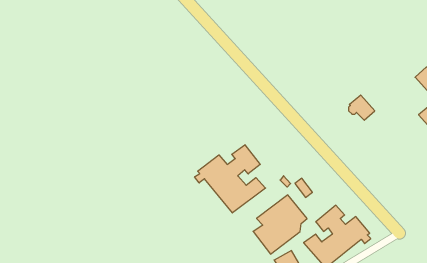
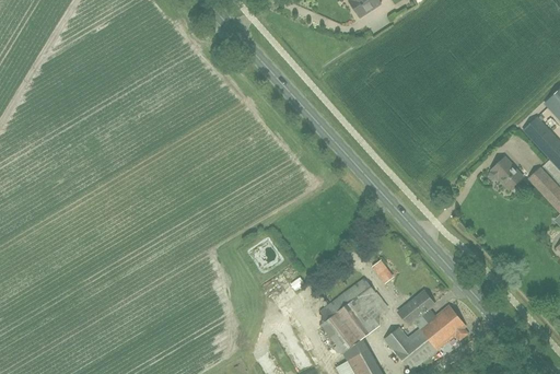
building: [349,95,375,120] -> [489,155,522,187]
building: [195,145,266,213] -> none

